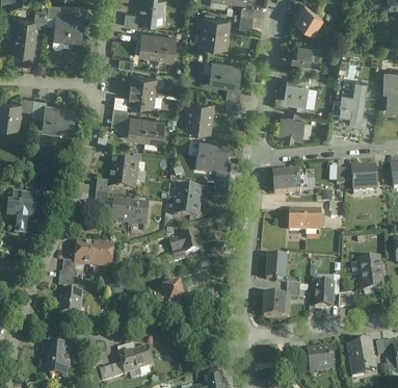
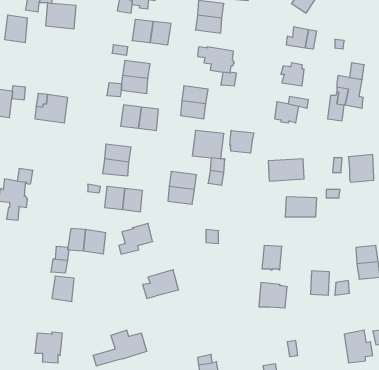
building: none -> [230,130,254,153]
building: [166,231,200,261] -> [119,223,153,254]
building: [308,346,333,370] -> none

